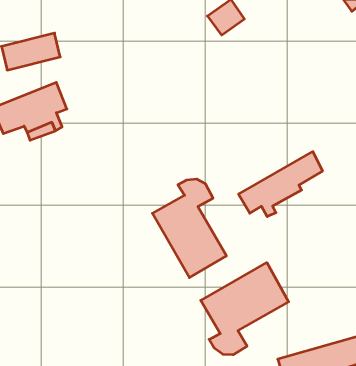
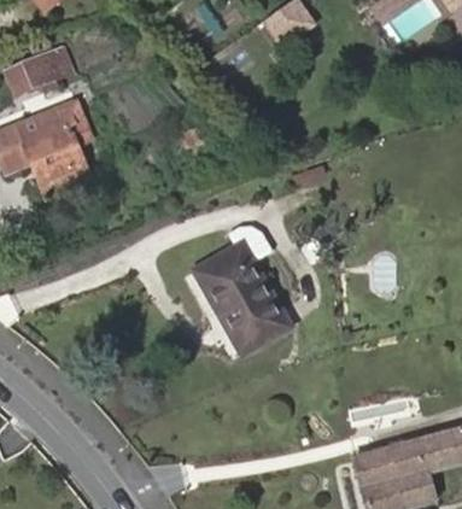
building: [239,152,322,217] -> none
building: [201,263,289,355] -> none

